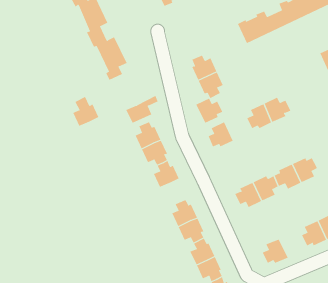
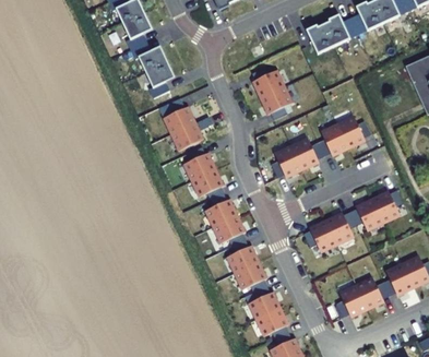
building: [73,96,99,126] -> [166,97,198,133]
building: [196,98,223,124] -> [291,140,324,170]
building: none -> [214,215,246,246]
building: none -> [357,279,390,310]

